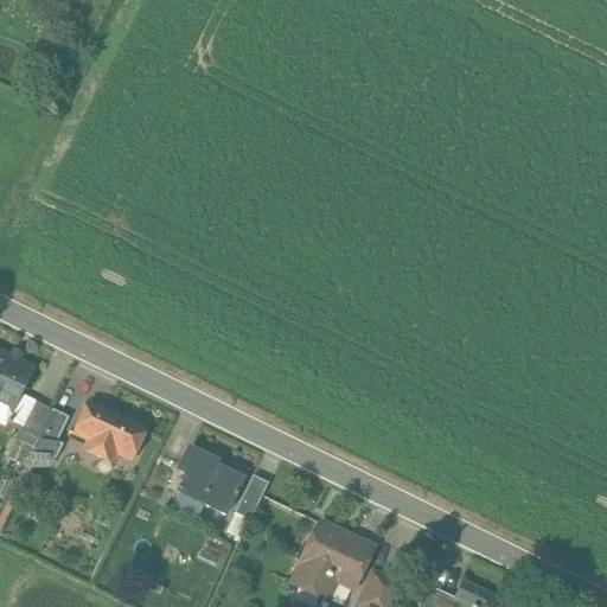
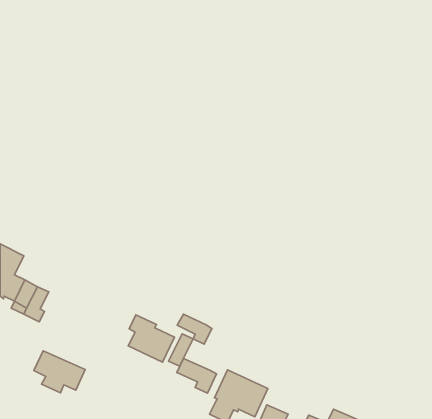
building: [74,403,145,461] -> [34,351,85,393]
building: none -> [177,314,212,344]
building: none -> [177,359,217,393]

